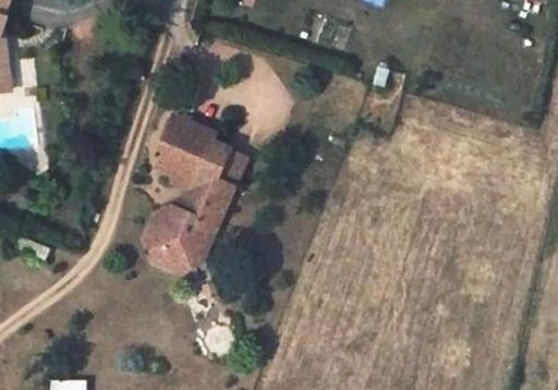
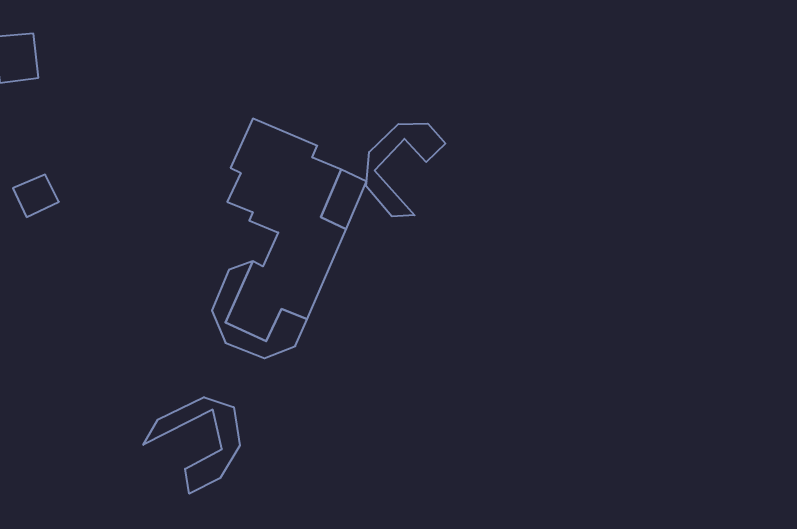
building: none -> [366,124,445,216]
building: none -> [143,397,240,494]

